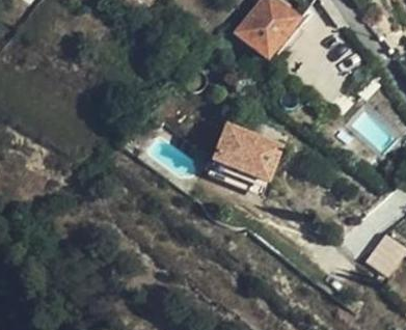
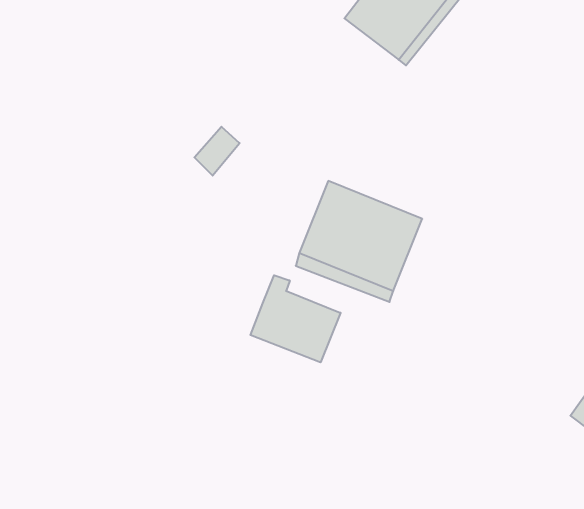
building: none -> [250,275,341,362]

